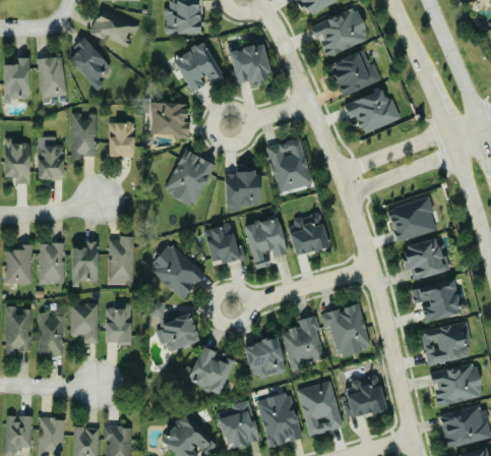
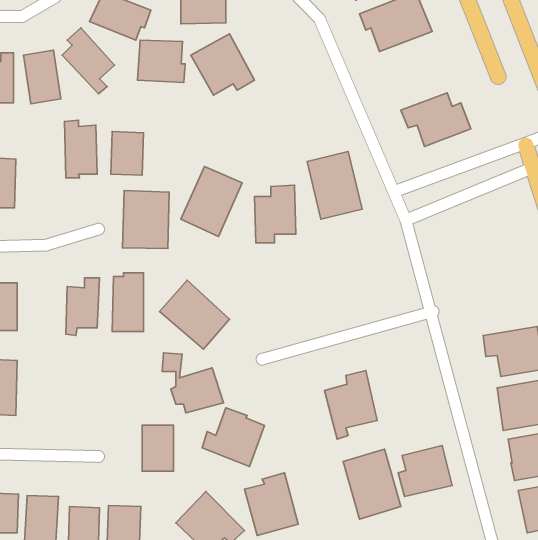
building: [229,43,271,83] -> none
building: [332,50,381,96] -> none
building: [150,102,189,136] -> [138,40,185,83]
building: [37,136,63,179] -> none
building: none -> [122,190,169,248]
building: [387,196,438,242] -> none
building: [287,214,328,255] -> none
building: [245,217,287,269] -> none
building: [203,223,246,265] -> none
building: [402,238,450,279] -> none
building: [39,242,65,283] -> none
building: [69,303,99,343] -> none
building: [320,303,370,356] -> none
building: [106,305,131,343] -> [142,425,173,471]
building: [39,314,64,355] -> none
building: [244,337,286,379] -> none
building: [257,393,302,447] -> none

